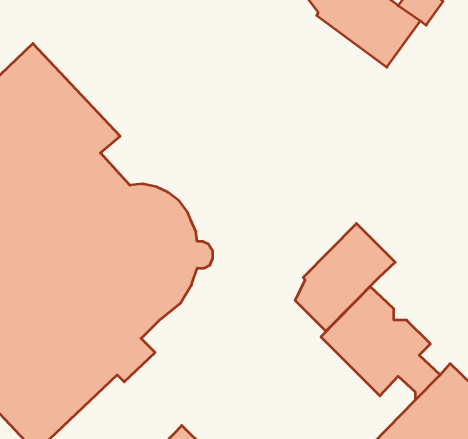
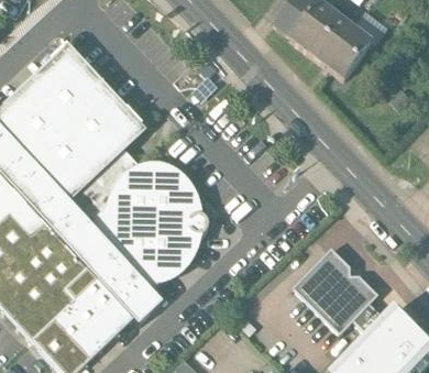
building: [295,223,395,331] -> none

